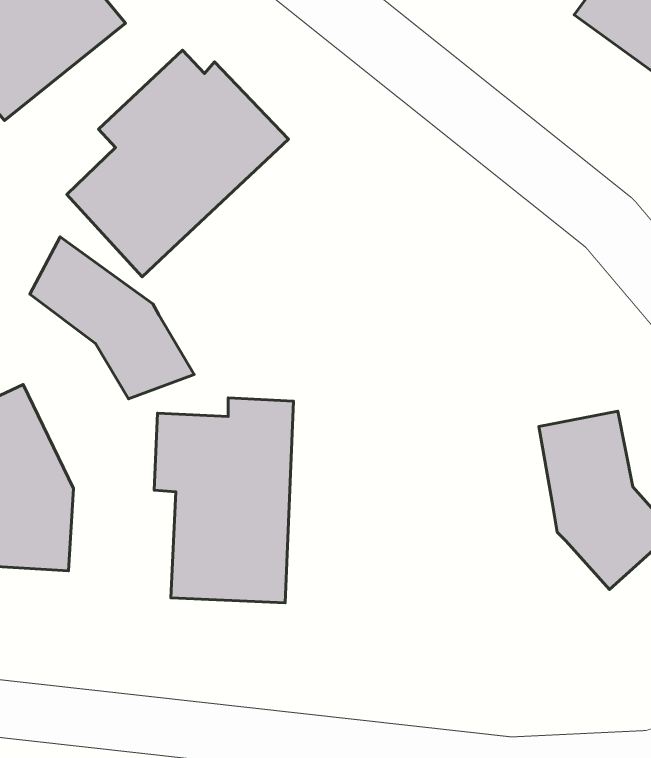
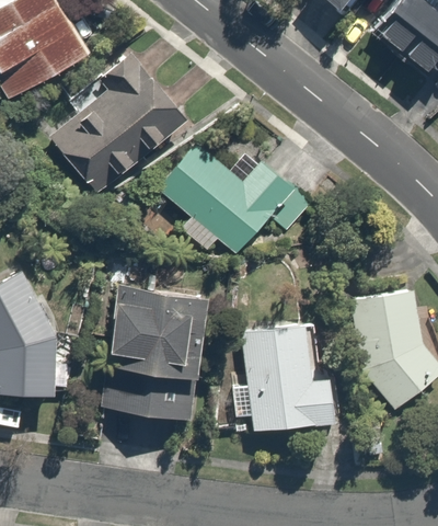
building: none -> [160,145,311,258]
building: [30,237,194,399] -> none
building: none -> [238,331,339,430]

